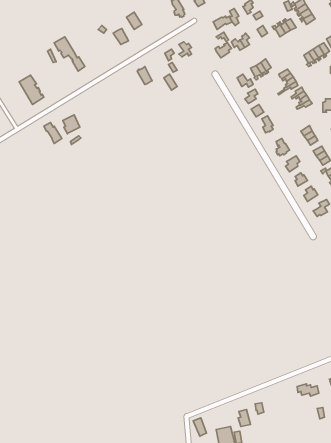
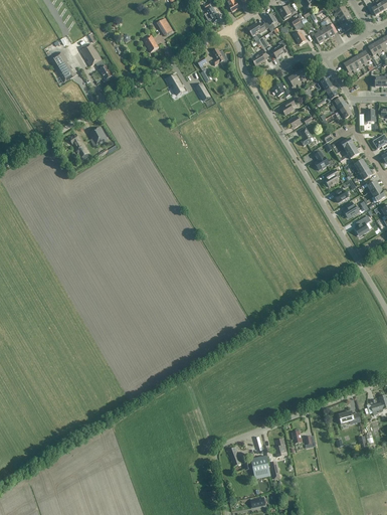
building: [19,75,44,105] -> [50,51,76,82]

